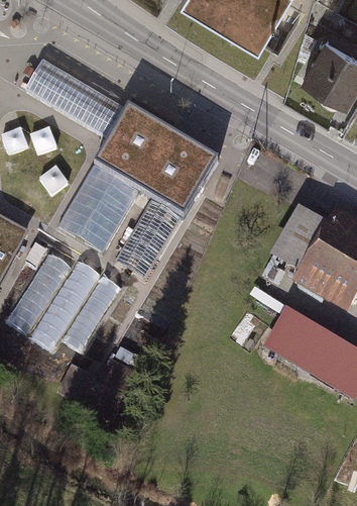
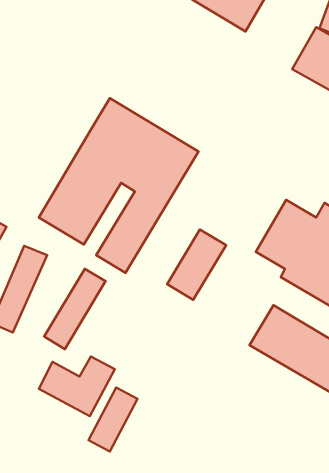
building: [27,59,128,136] -> none
building: none -> [167,230,226,300]
building: [33,258,102,350] -> none
building: none -> [88,387,138,451]

